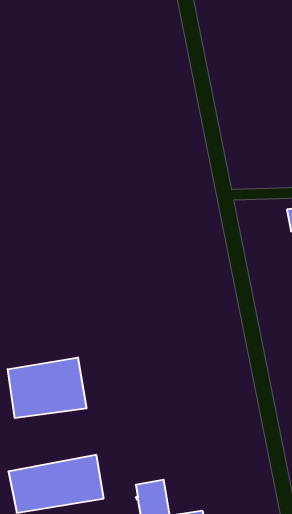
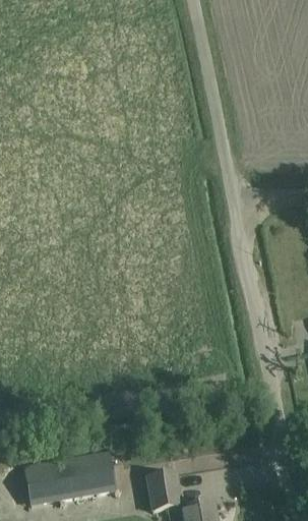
building: [8,357,86,418] -> none

